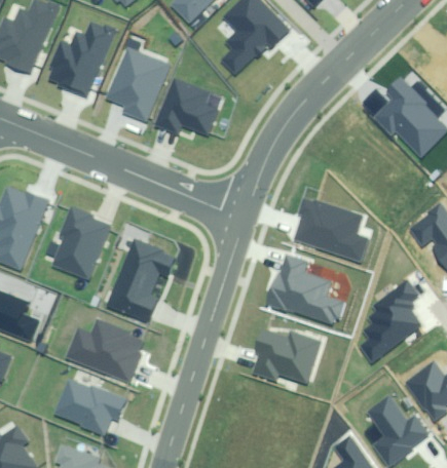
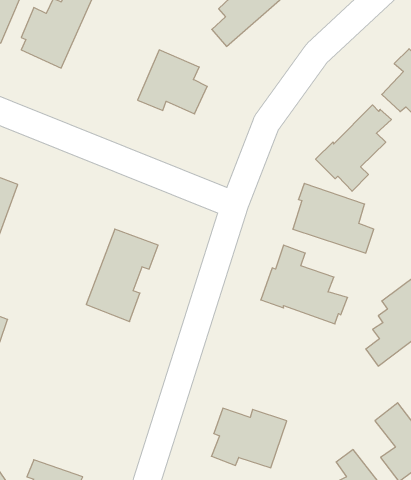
building: [108,47,171,120] -> none
building: none -> [316,105,391,191]
building: [55,206,110,279] -> none
building: [70,320,146,380] -> none
building: [255,329,323,383] -> [211,408,287,468]
building: [59,379,124,434] -> none

